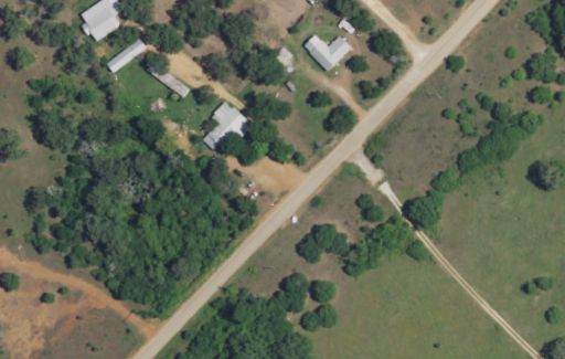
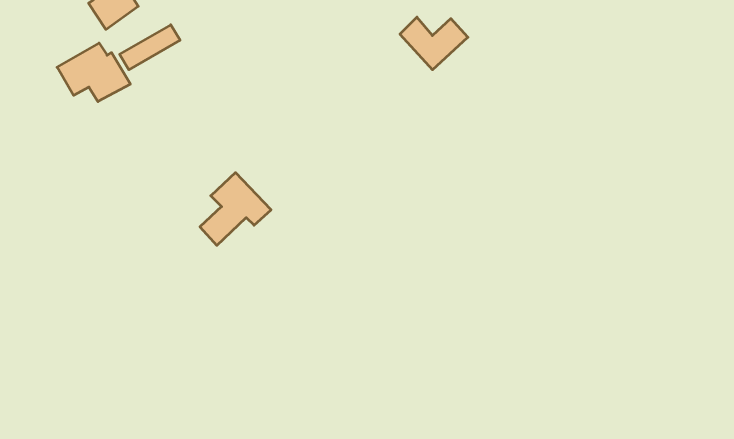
building: none -> [57,43,130,102]
building: [202,101,253,152] -> [200,173,271,245]

